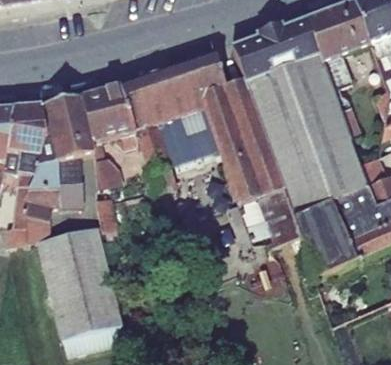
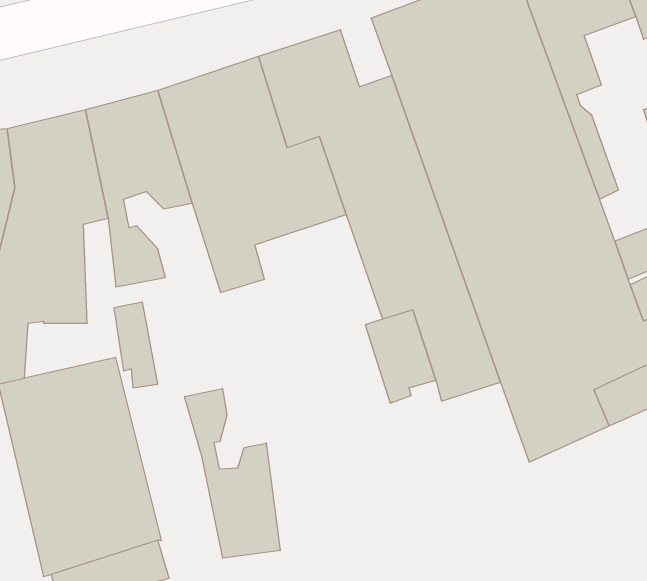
building: none -> [184,388,280,558]

